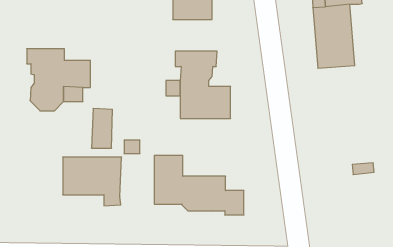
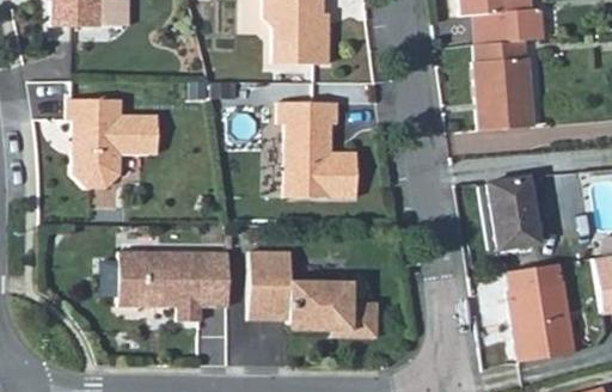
building: none -> [485,173,538,247]
building: [91,109,112,148] -> [198,253,228,310]
building: none -> [507,280,573,357]

